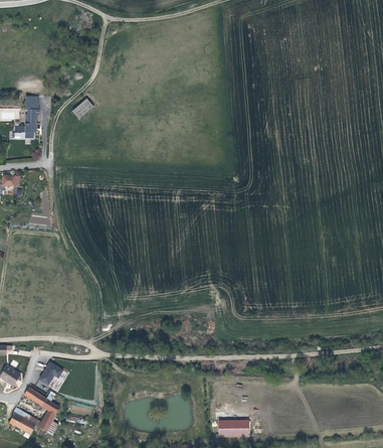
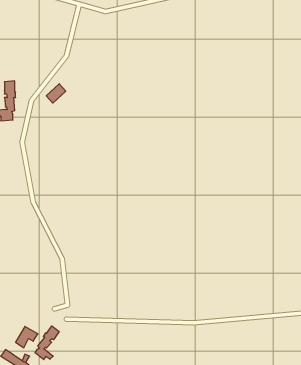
building: none -> [35,326,59,360]

